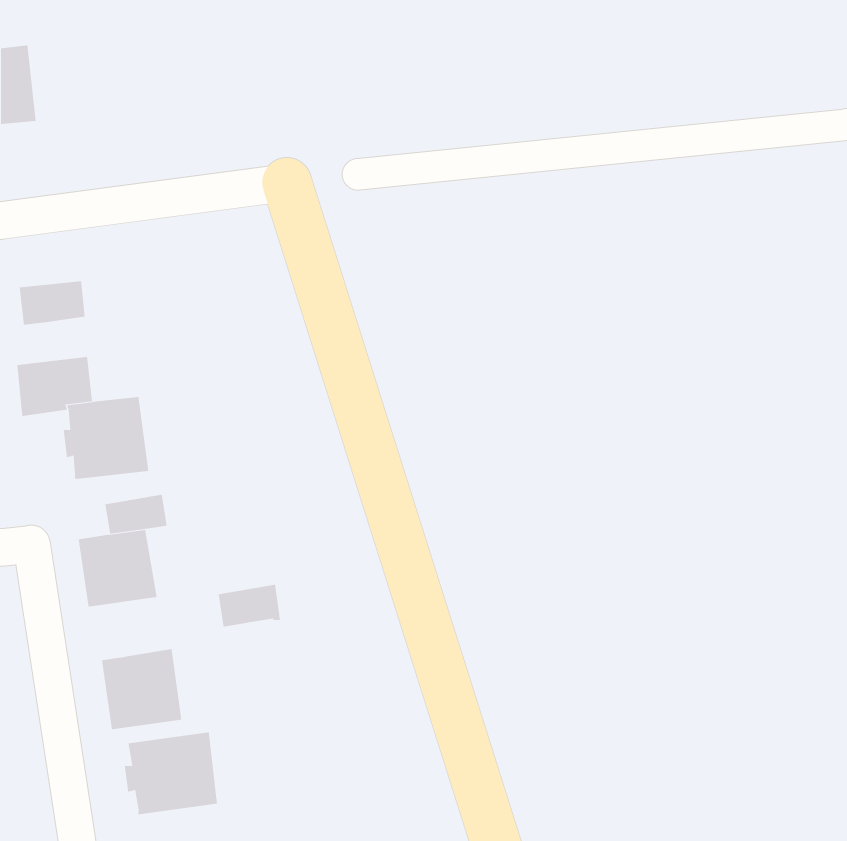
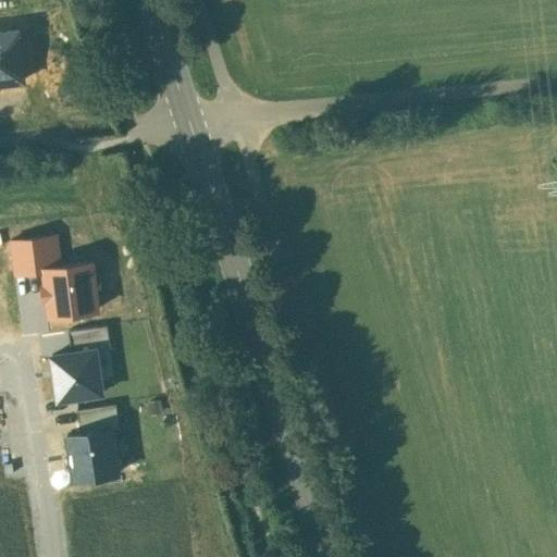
building: [19,281,85,325] -> none
building: [218,584,281,627] -> [77,407,119,435]
building: [124,732,217,815] -> none

